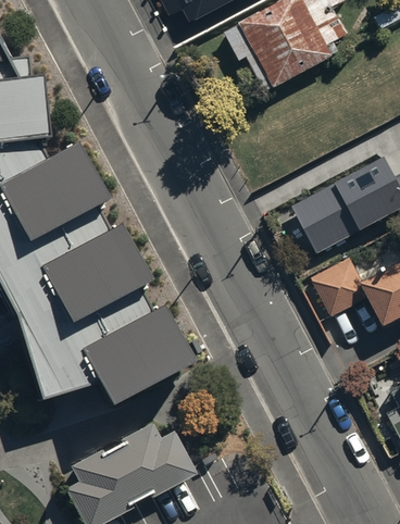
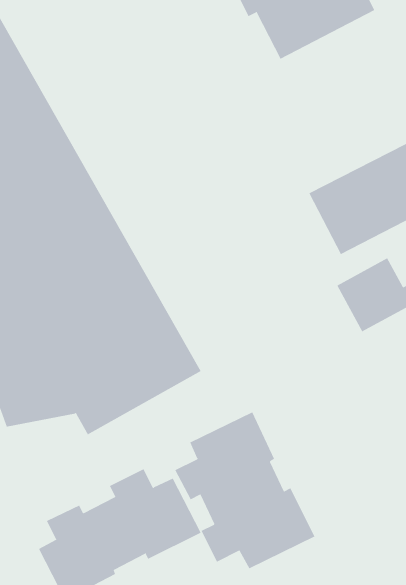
building: none -> [175,411,315,569]

